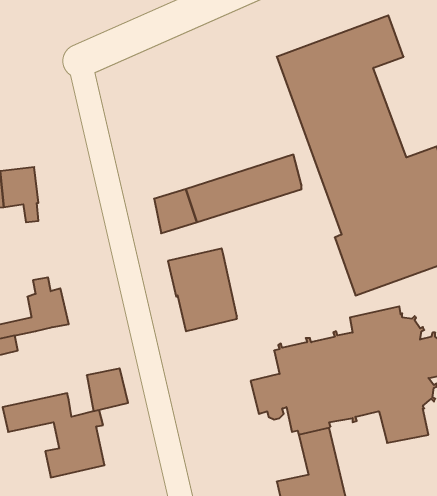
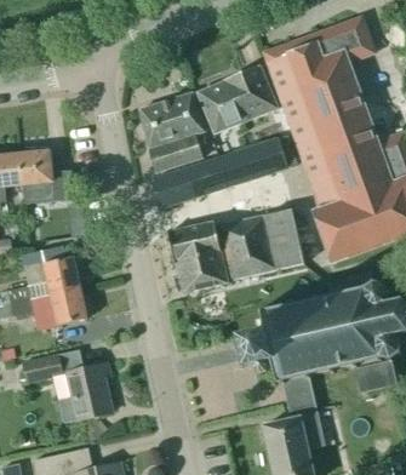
building: none -> [198,64,276,133]
building: none -> [139,92,204,172]
building: none -> [216,208,304,280]
building: [87,368,128,411] -> [51,287,87,325]

